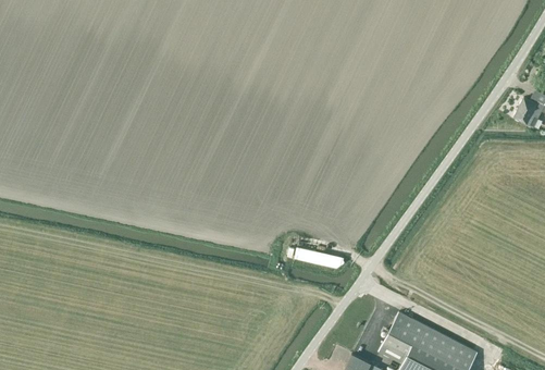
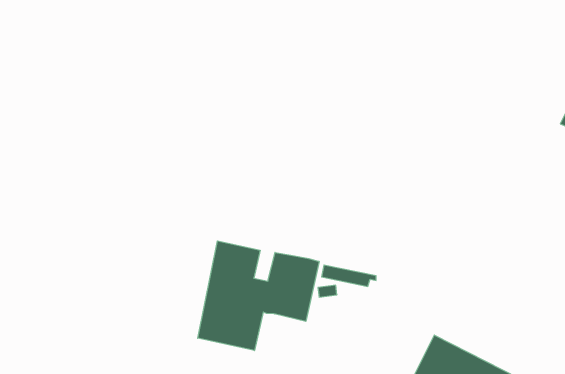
building: none -> [198,241,319,351]

